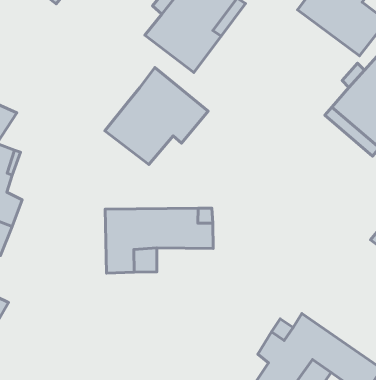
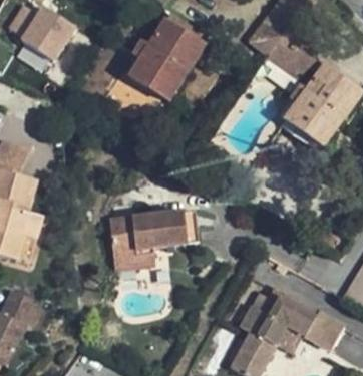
building: [105,68,208,164] -> none

